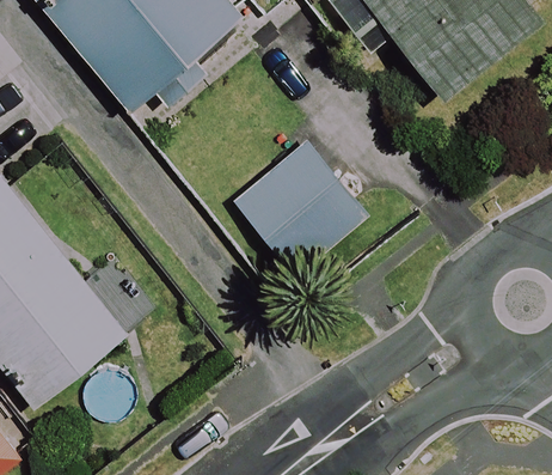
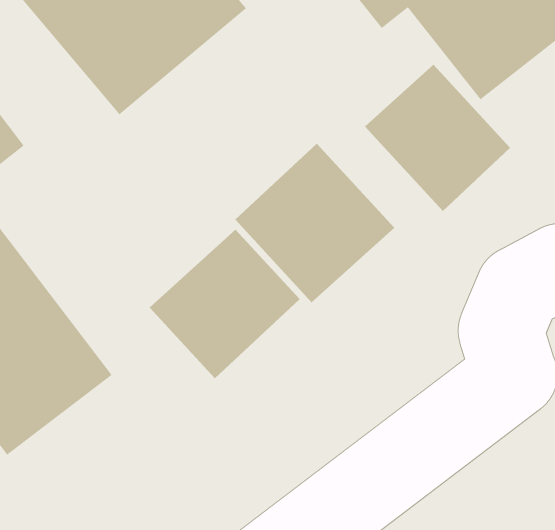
building: none -> [364,64,511,212]
building: none -> [149,229,301,379]

